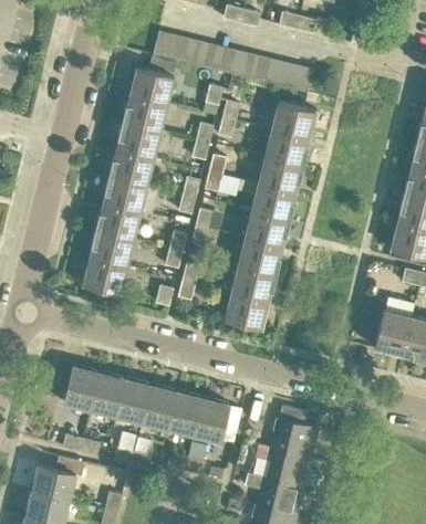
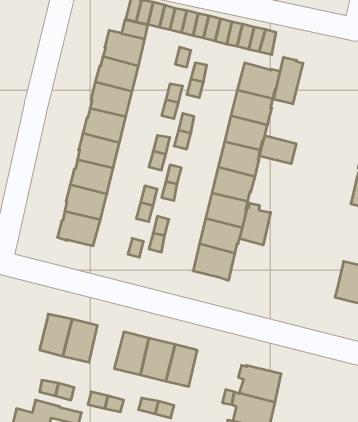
building: none -> [274,57,303,104]
building: none -> [260,135,296,164]
building: none -> [240,203,271,245]
building: [114,377,150,422] -> none

